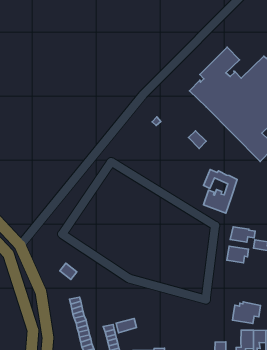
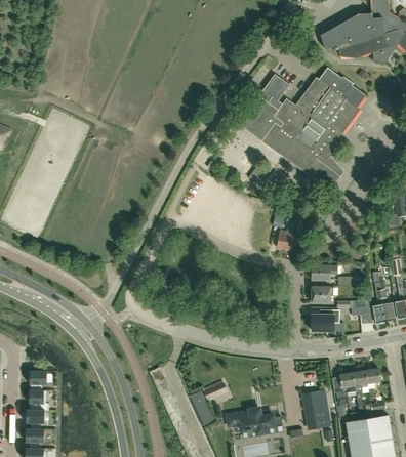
building: [232,302,261,323] -> [311,309,338,331]

